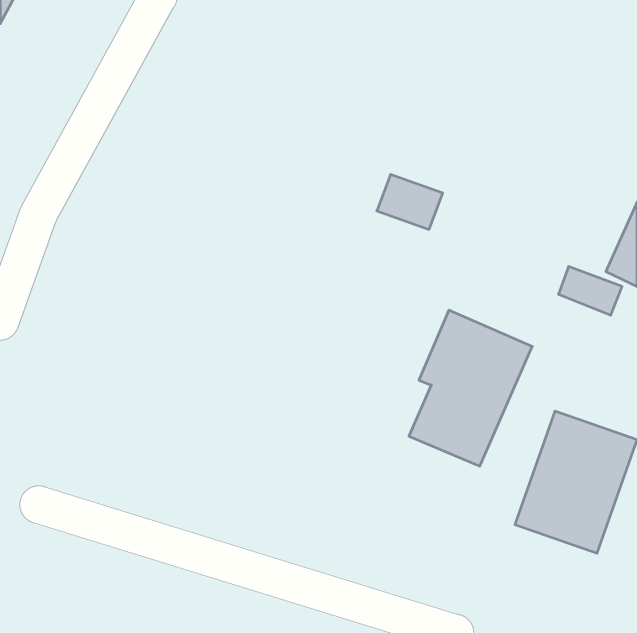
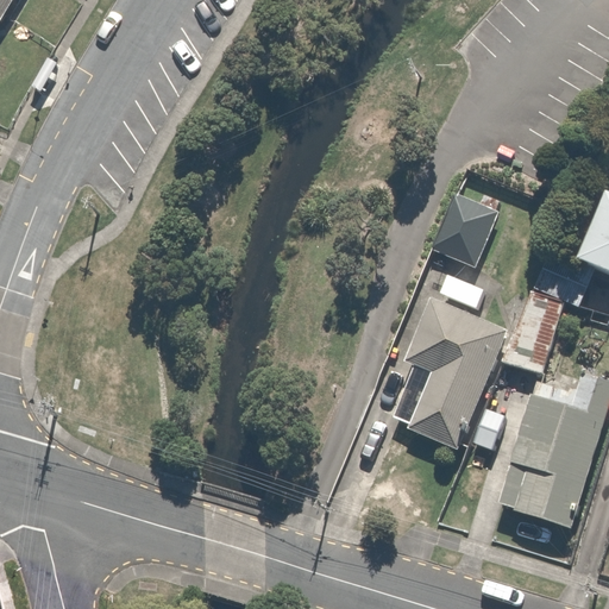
building: [377,175,443,229] -> [428,212,491,264]
building: none -> [504,296,563,373]

